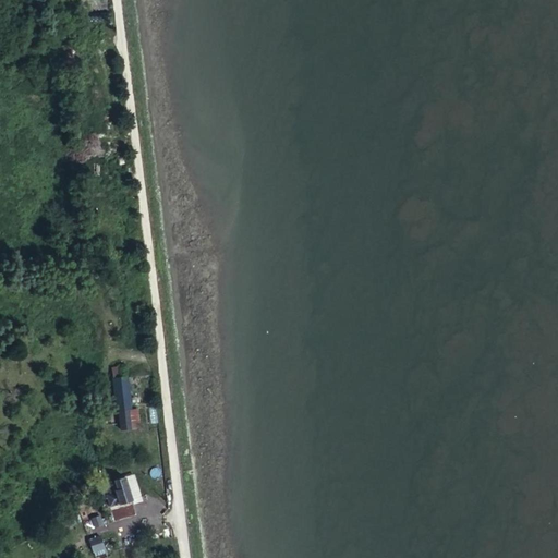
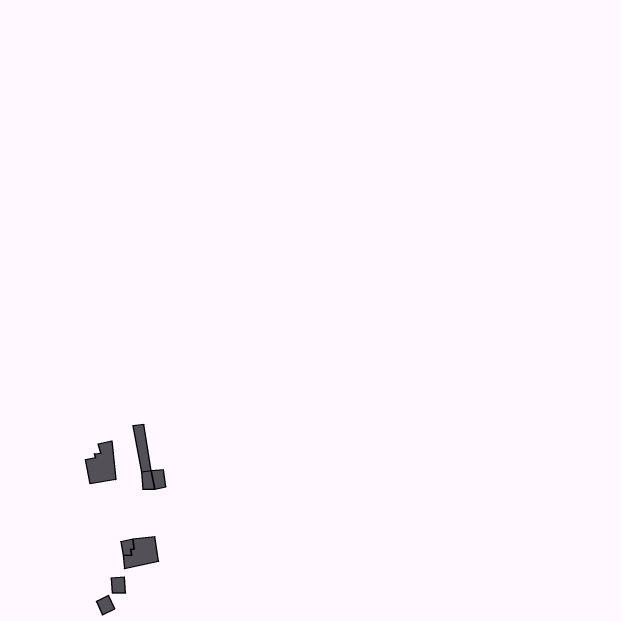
building: none -> [85,441,116,484]

